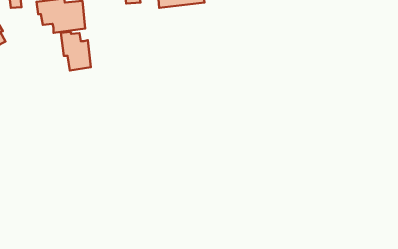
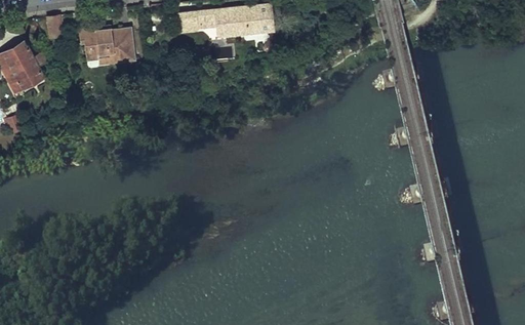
building: [61,32,91,71] -> none

